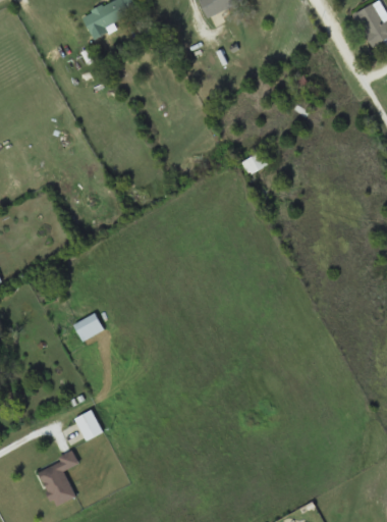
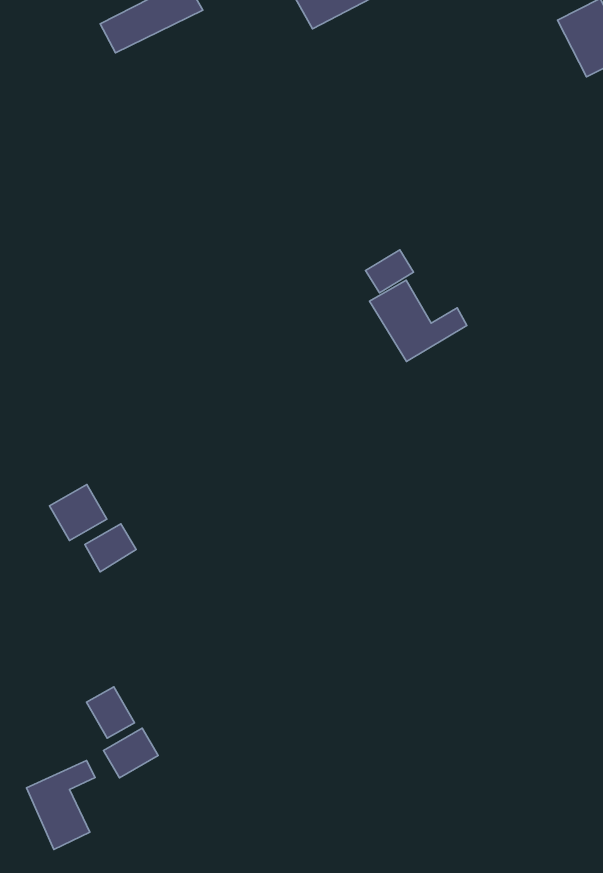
building: none -> [370,280,467,362]
building: none -> [50,485,107,540]
building: none -> [104,728,158,778]

